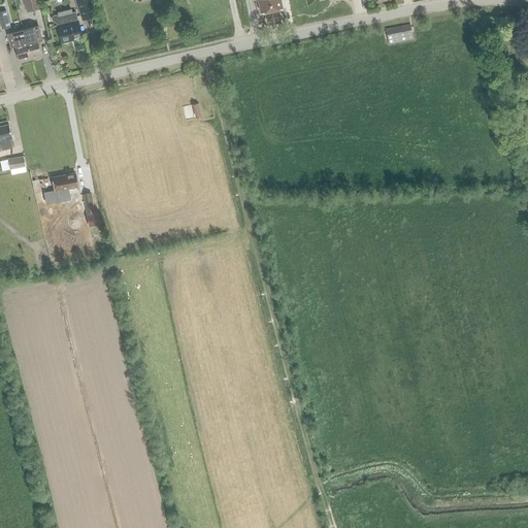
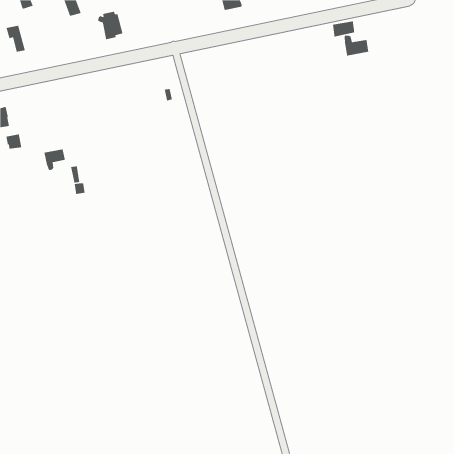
building: [51,8,80,42] -> [98,11,123,40]
building: [22,25,41,59] -> none
building: none -> [344,35,369,57]

